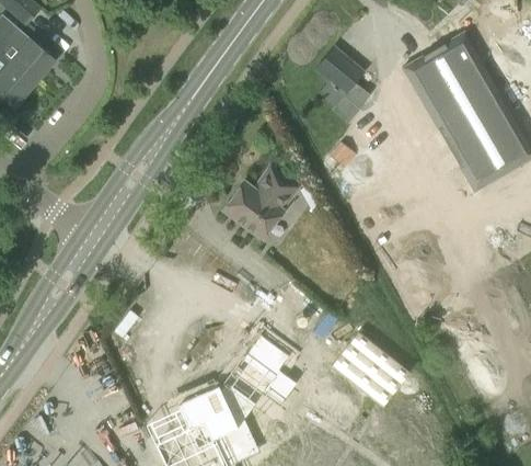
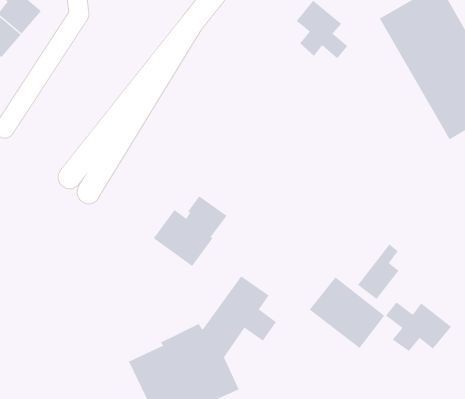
building: [223,168,300,241] -> [153,195,227,267]
building: none -> [357,243,400,300]
building: none -> [385,301,452,352]

